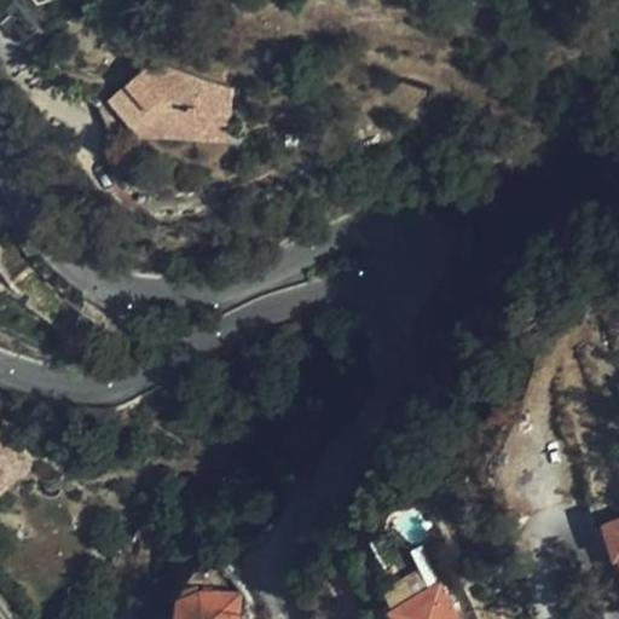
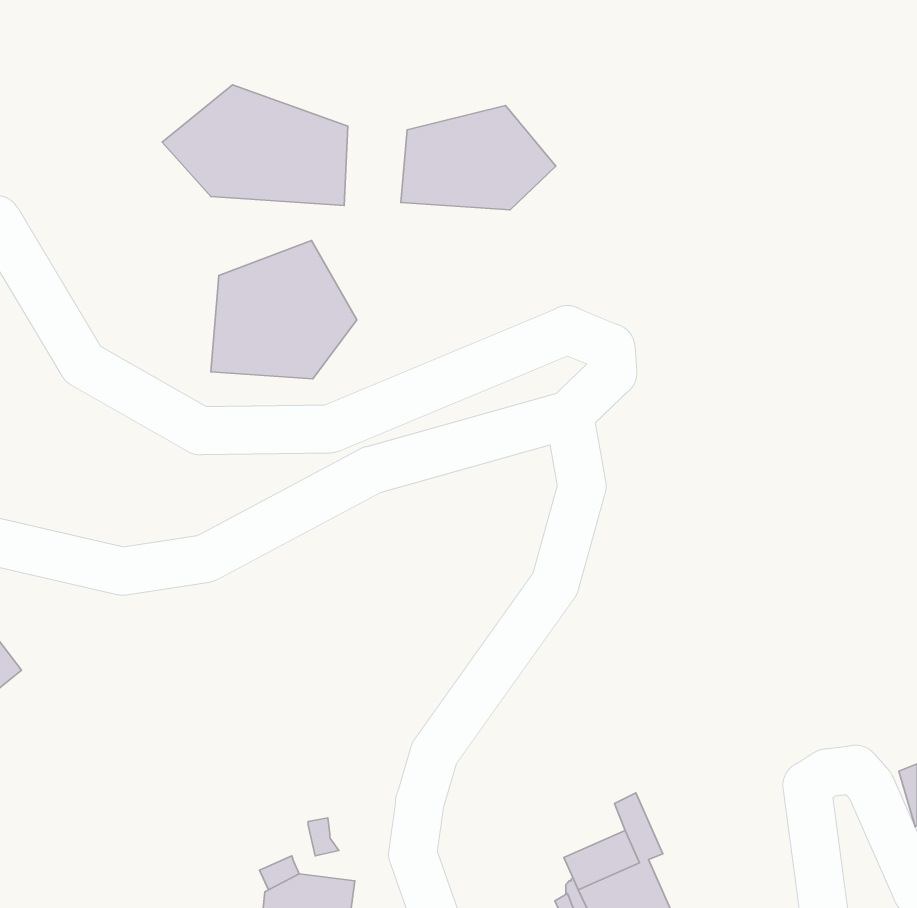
building: none -> [401,106,556,210]
building: none -> [211,241,357,379]

